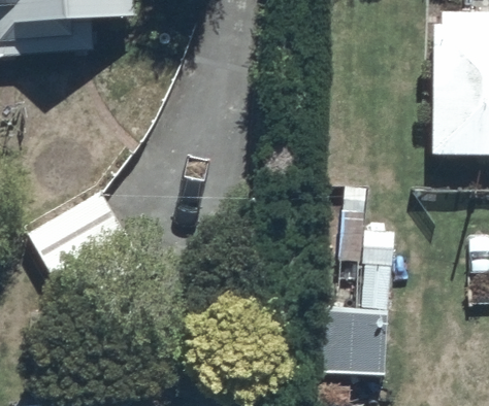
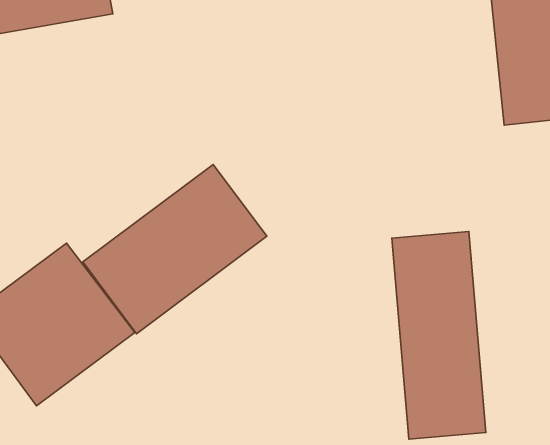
building: none -> [83,164,267,334]

